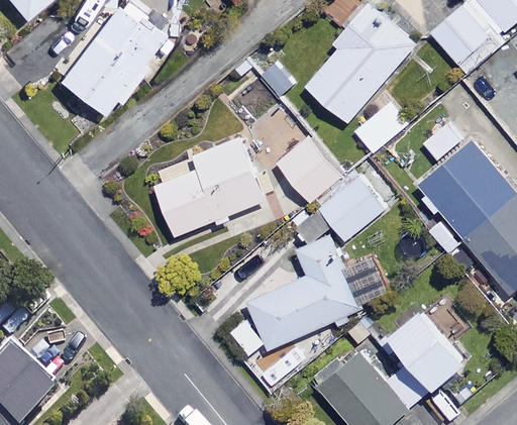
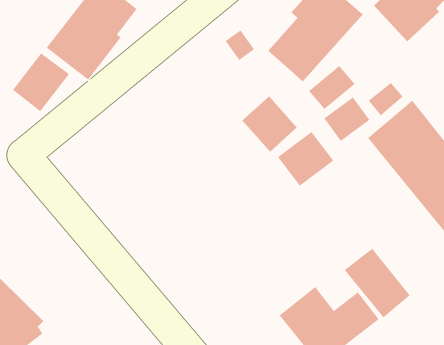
building: none -> [12,52,70,112]
building: [151,136,268,236] -> none
building: none -> [324,96,370,142]
building: [250,234,392,348] -> none

